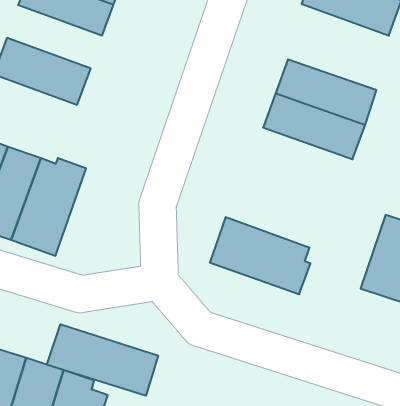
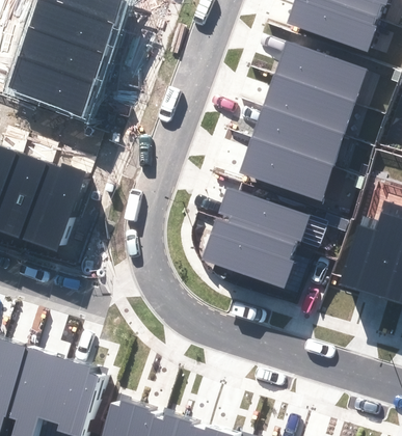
building: none -> [17,25,104,83]
building: none -> [274,42,367,103]
building: none -> [239,137,333,202]
building: none -> [217,188,310,247]
building: [47,324,158,396] -> none

